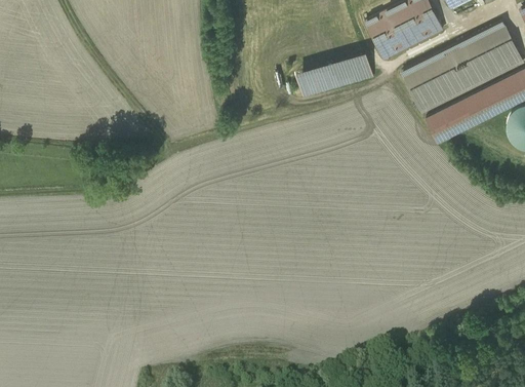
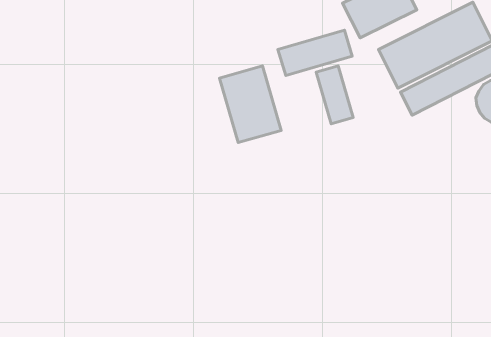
building: none -> [316,66,353,124]
building: none -> [219,66,281,143]

